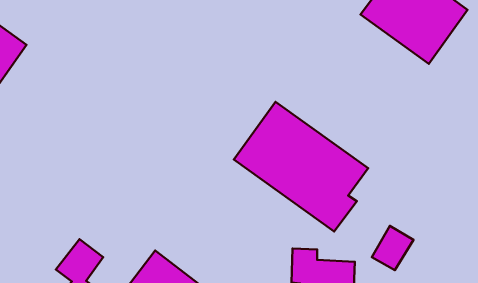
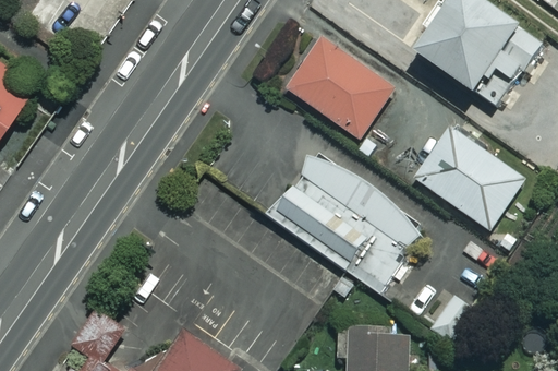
building: none -> [287,37,397,140]
building: none -> [411,124,526,230]

